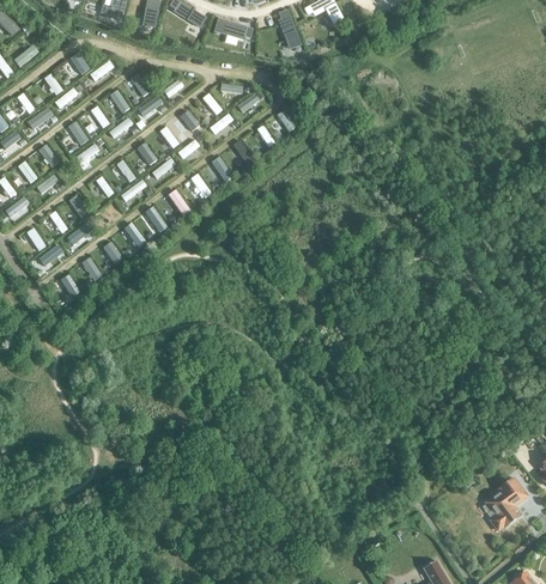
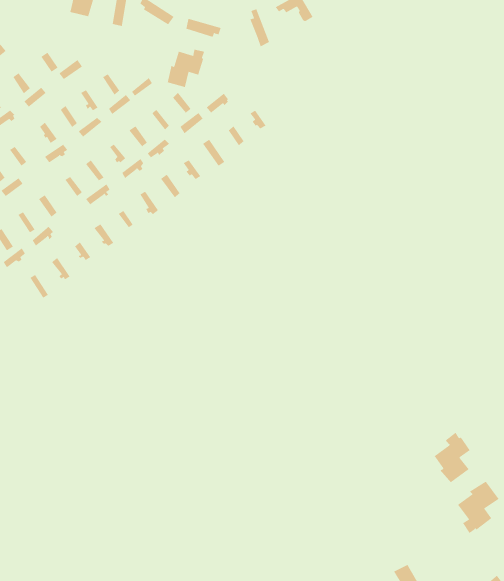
building: none -> [167,49,205,88]
building: none -> [434,432,470,483]

